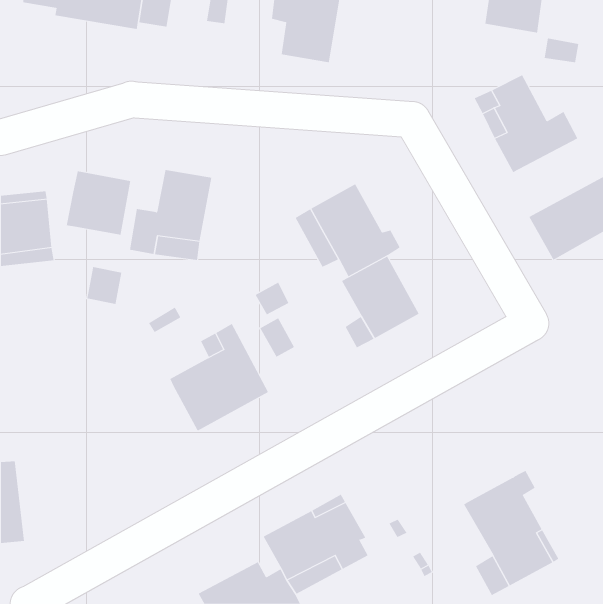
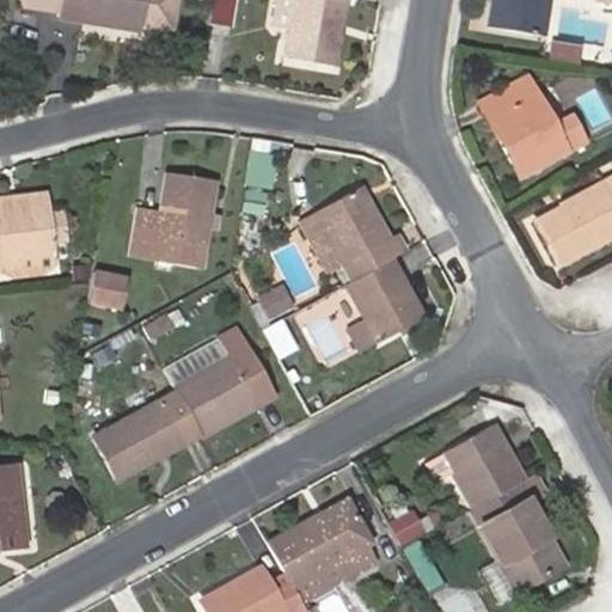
building: [66,171,131,235] -> none
building: none -> [92,390,201,479]
building: none -> [442,426,524,507]

